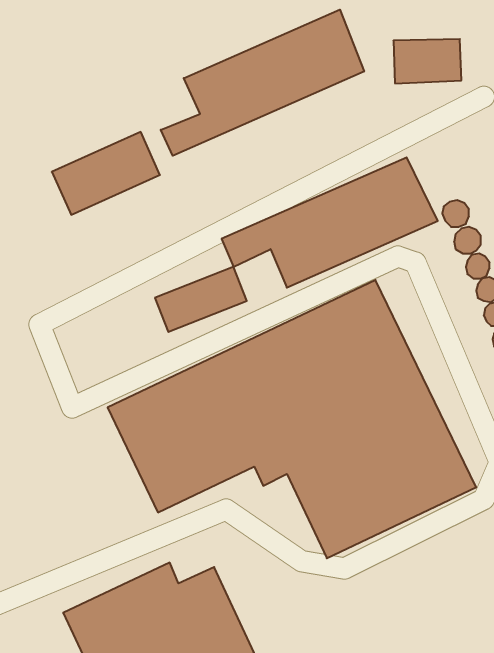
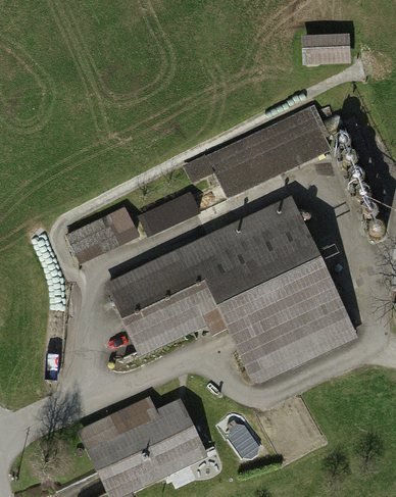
building: [161,10,364,156] -> none
building: [52,132,160,215] -> [67,209,142,266]

